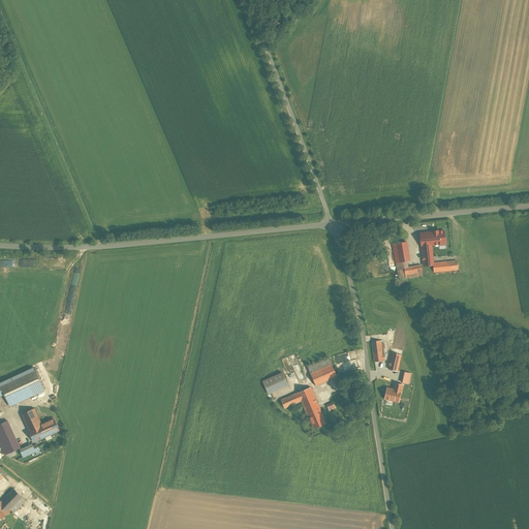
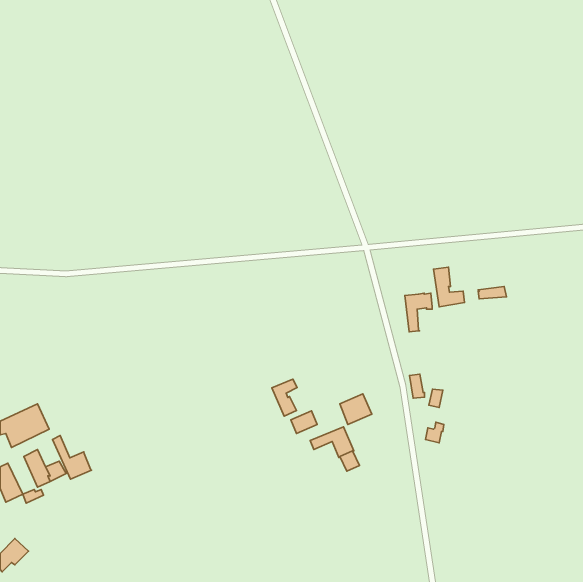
building: [421,229,445,264] -> [405,293,432,332]
building: none -> [272,379,297,416]
building: none -> [52,436,92,479]

